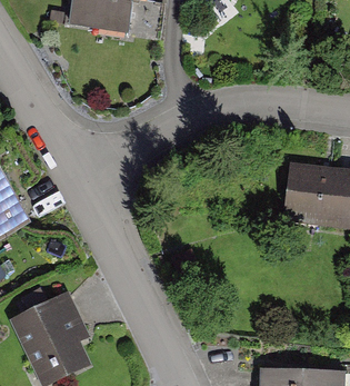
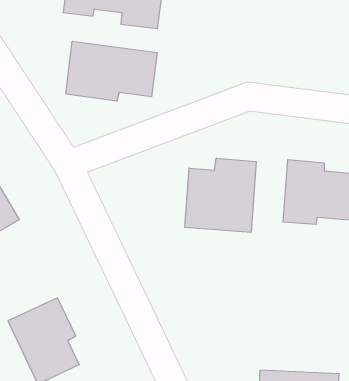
building: none -> [66,41,157,101]
building: none -> [185,158,256,232]

